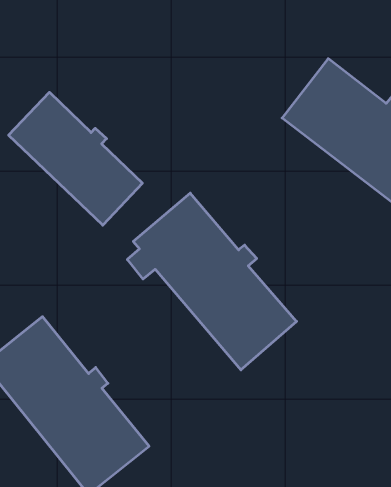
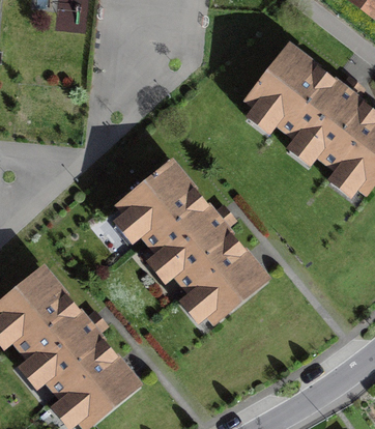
building: [9,92,142,225] -> none

